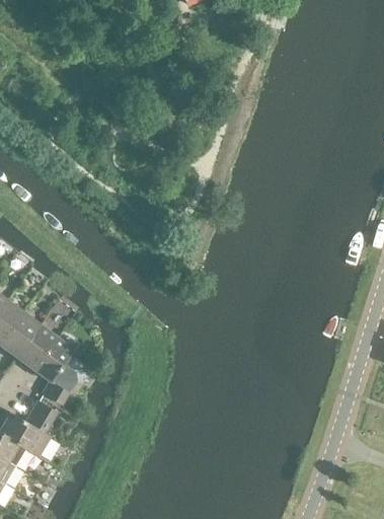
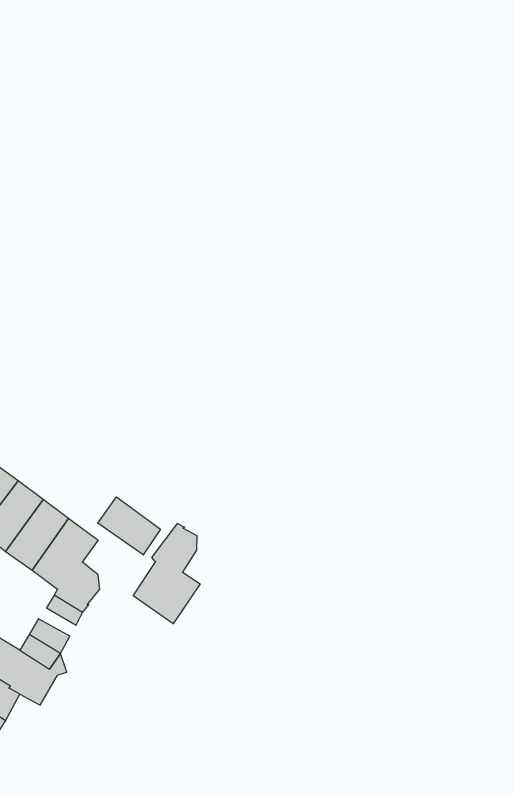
building: none -> [98,497,161,555]
building: none -> [133,523,200,624]

